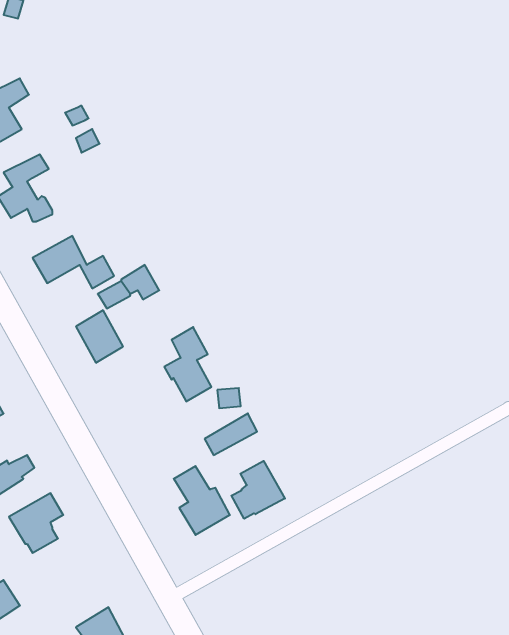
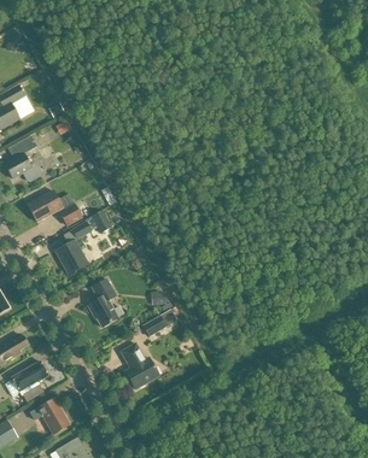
building: [164,327,211,401] -> [87,278,118,328]
building: [231,461,285,519] -> none
building: none -> [30,399,69,434]

